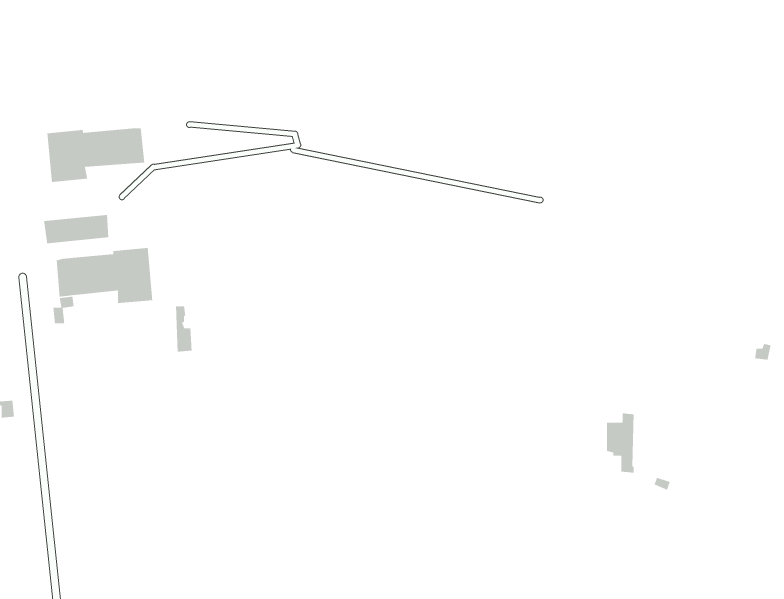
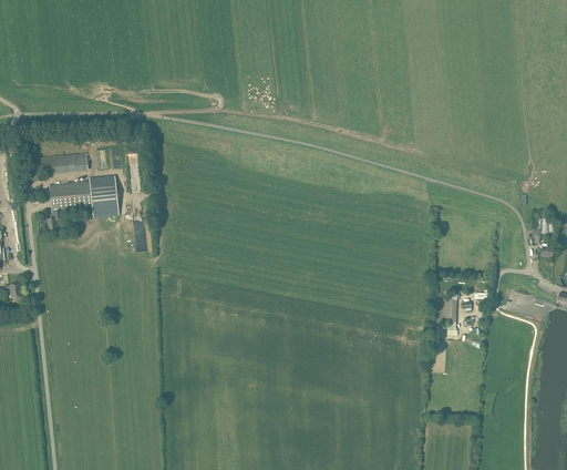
building: [46,127,145,183] -> none

